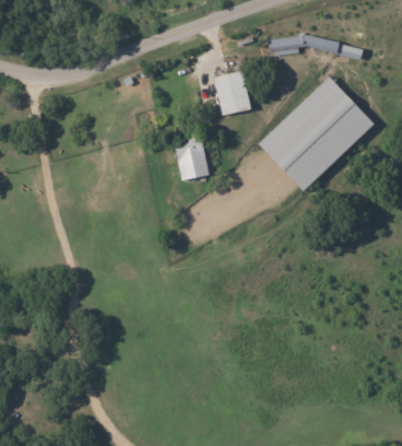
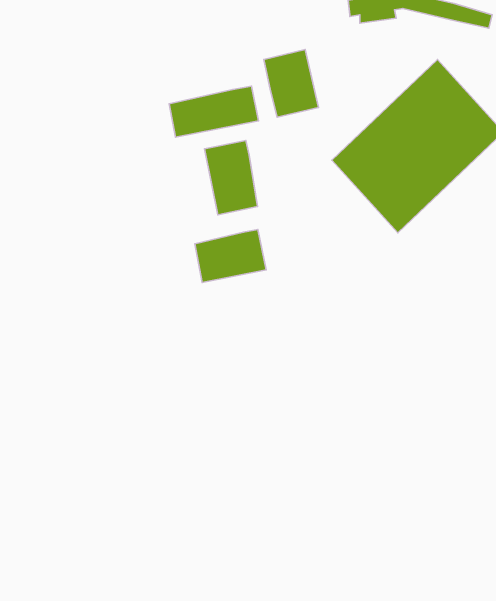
building: none -> [169,86,258,137]
building: none -> [195,229,266,283]

